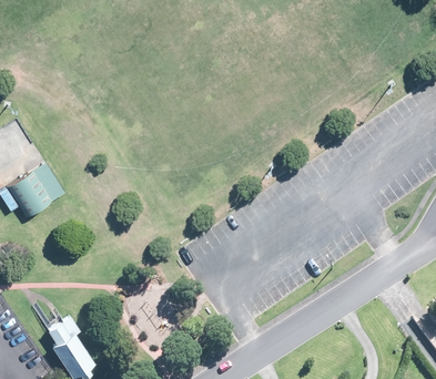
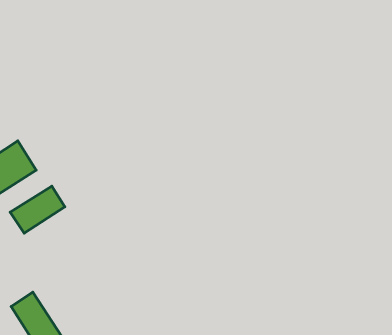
building: none -> [10,186,65,233]

